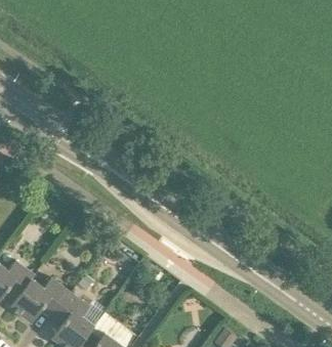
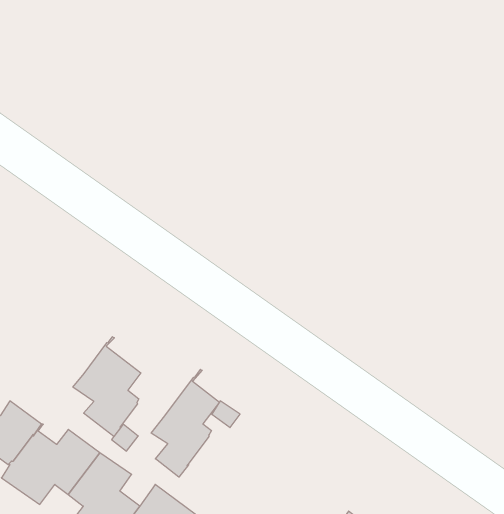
building: none -> [73,337,141,436]
building: none -> [151,369,219,477]

